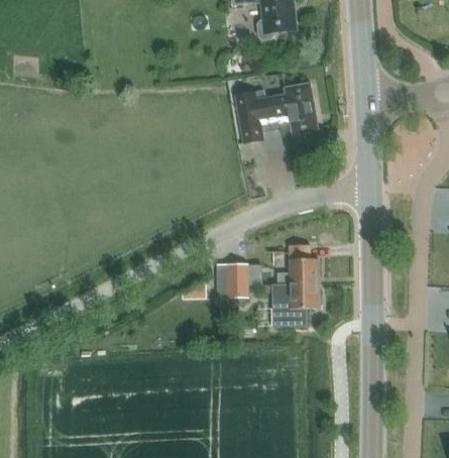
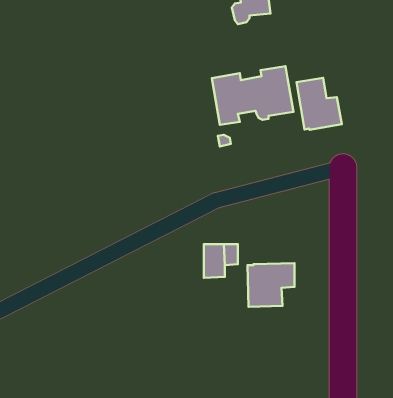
building: none -> [296,78,342,130]
building: [276,244,318,283] -> none

